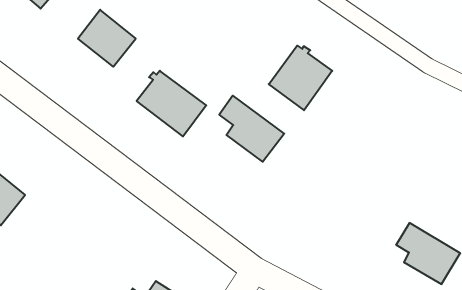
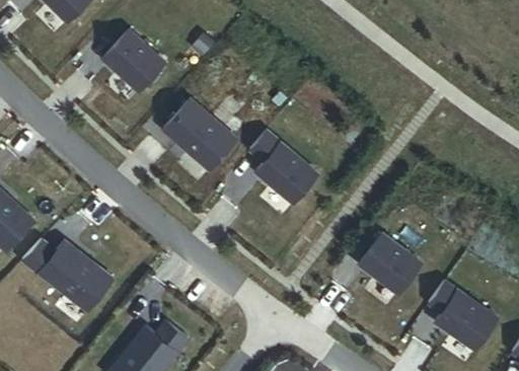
building: [269,46,332,110] -> none
building: none -> [359,231,422,292]
building: none -> [22,239,113,311]

